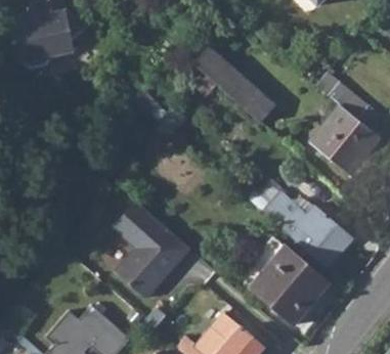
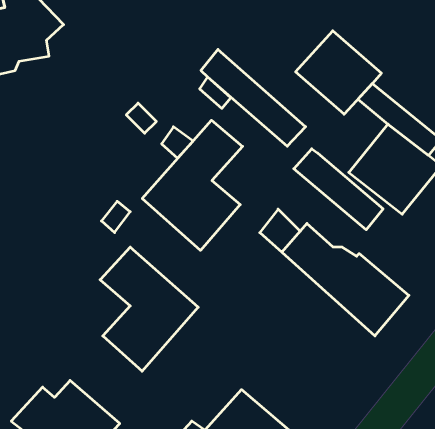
building: none -> [296,31,381,114]
building: none -> [142,120,243,250]
building: none -> [294,149,383,230]
building: [250,247,329,324] -> none

